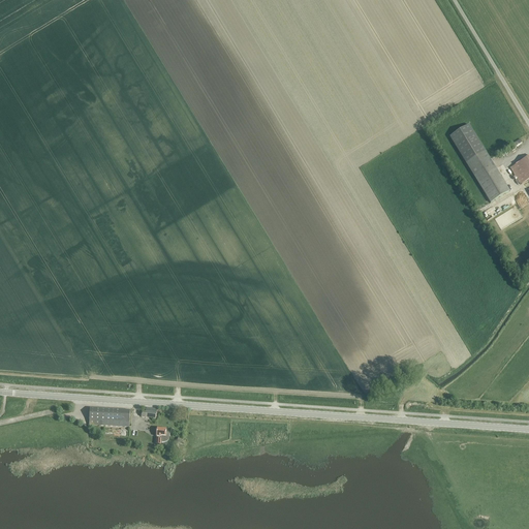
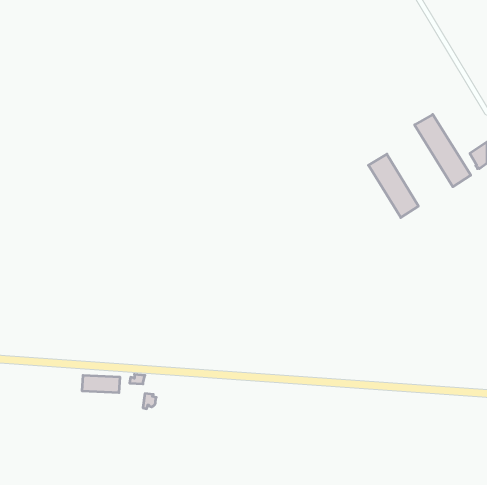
building: none -> [368,154,418,218]

